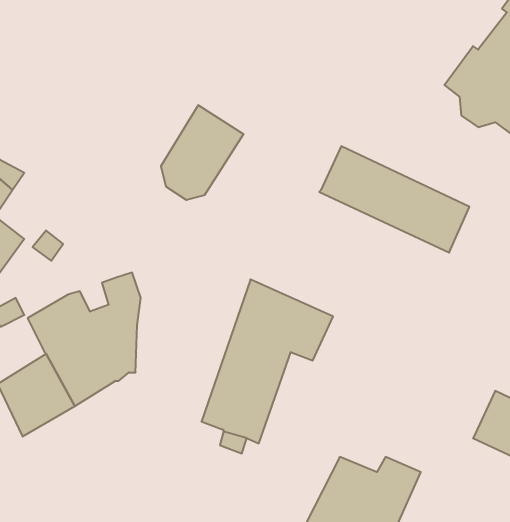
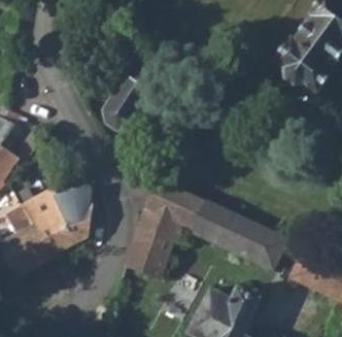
building: [319,146,469,253] -> [193,203,284,268]

